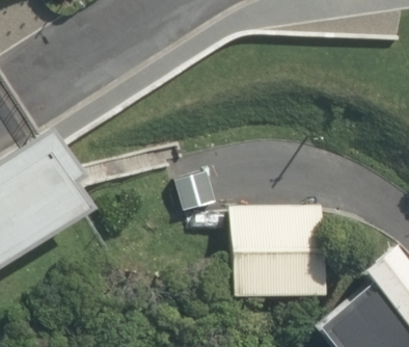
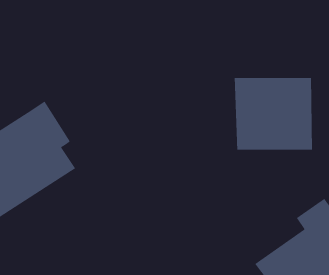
building: [230,207,325,294] -> [234,77,313,150]

